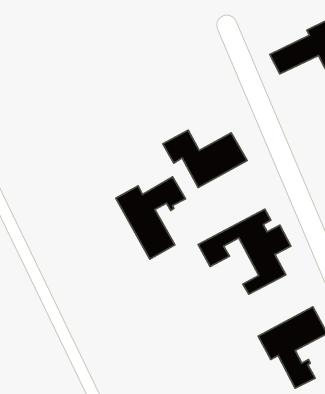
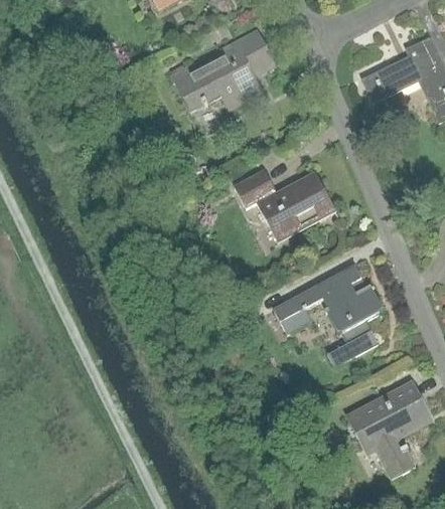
building: none -> [169,28,275,111]
building: [116,177,185,259] -> none

